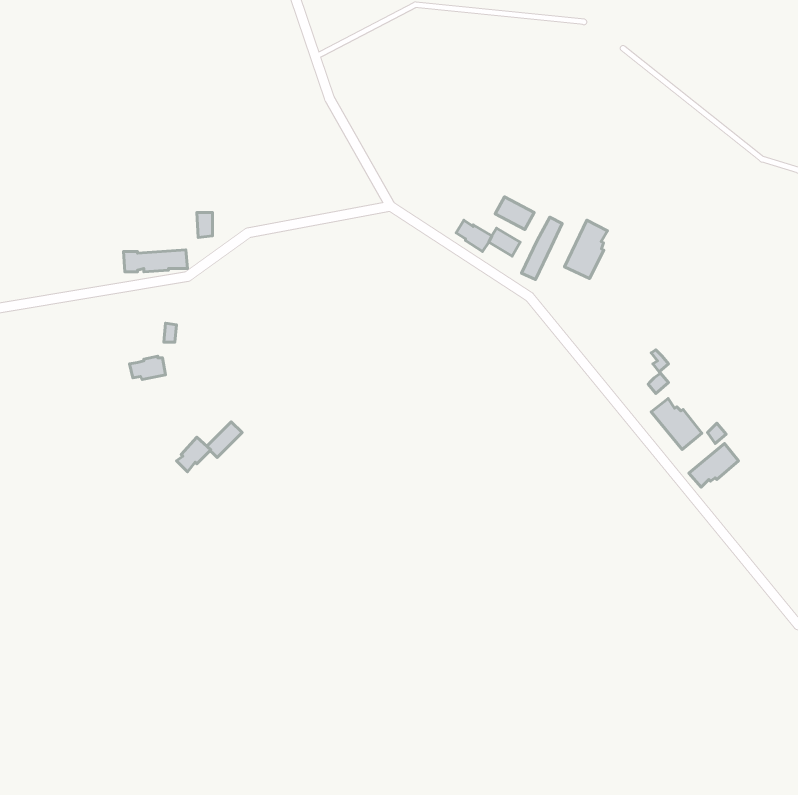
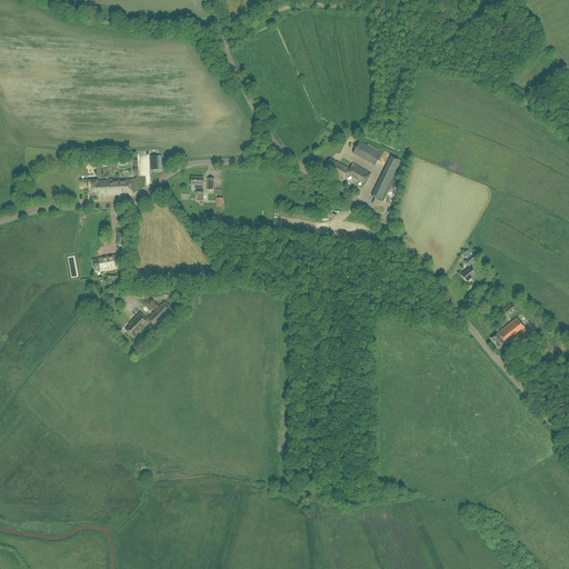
building: [565,220,608,279] -> none
building: [651,399,702,449] -> none

